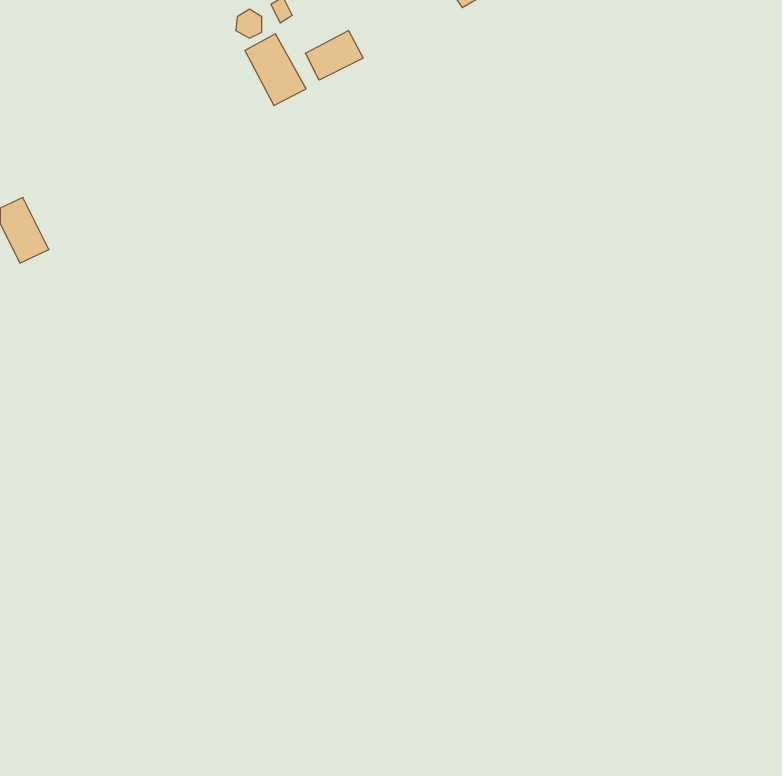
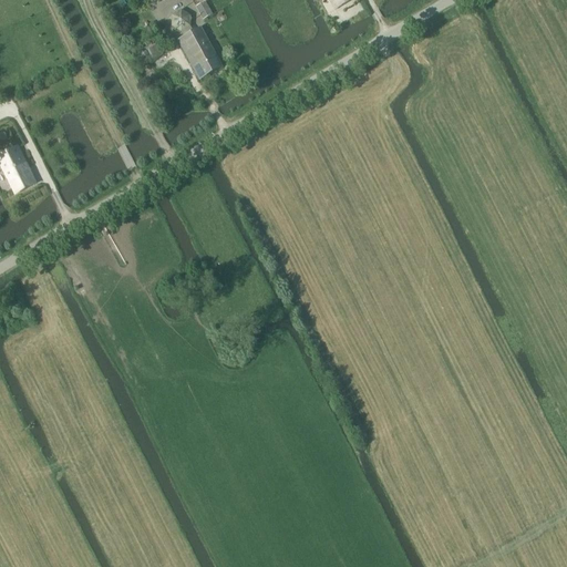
building: [305,30,363,80] -> none

